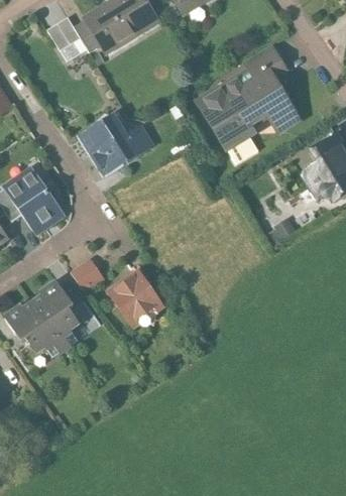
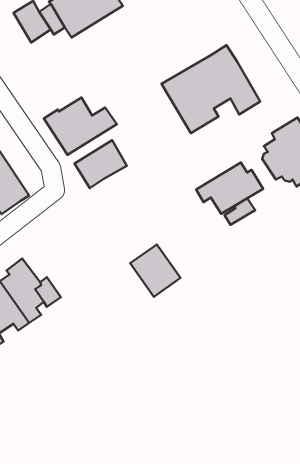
building: [244,44,289,78] -> none
building: none -> [75,140,127,188]
building: none -> [196,163,263,214]
building: [71,256,106,292] -> none
building: [110,270,161,324] -> [130,244,180,297]

